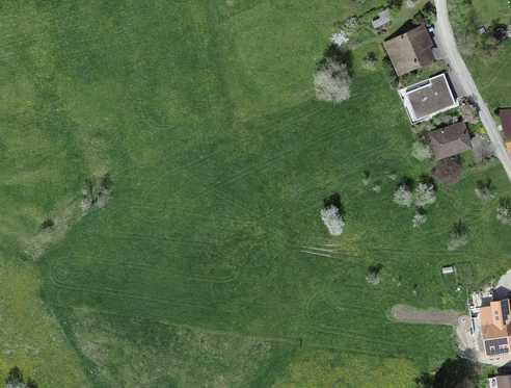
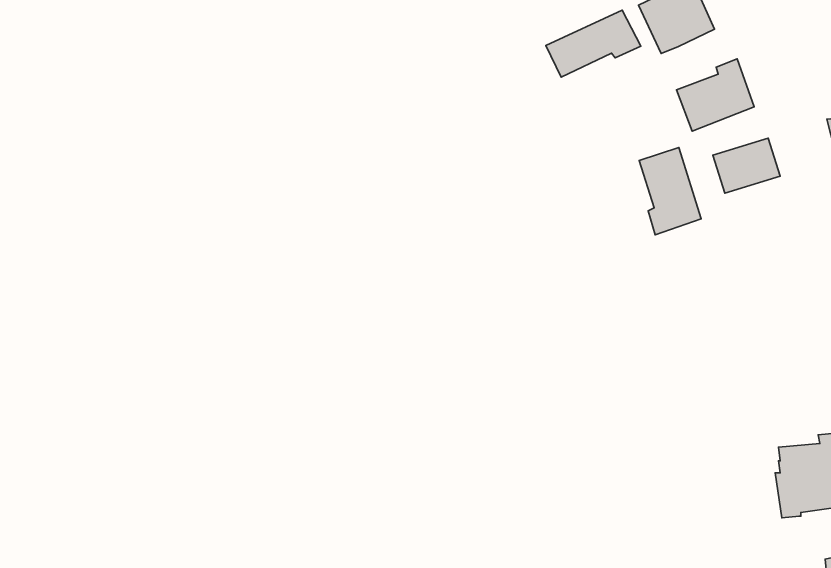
building: none -> [546,10,641,77]
building: none -> [639,148,701,235]

